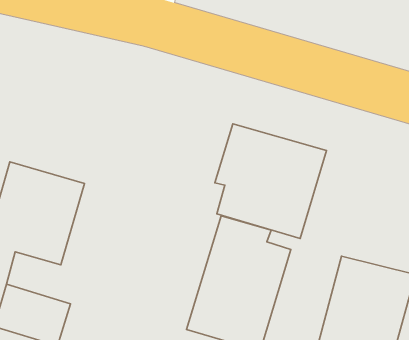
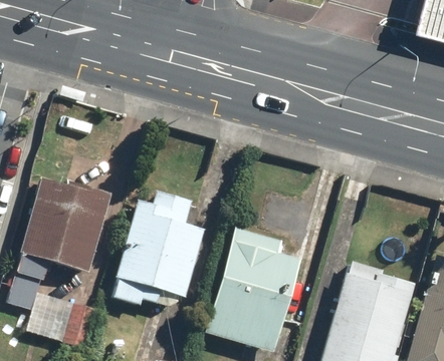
building: [215,124,327,239] -> none
building: none -> [110,192,206,307]

